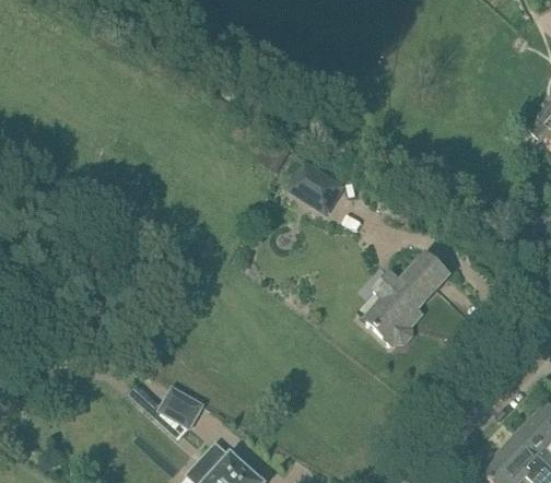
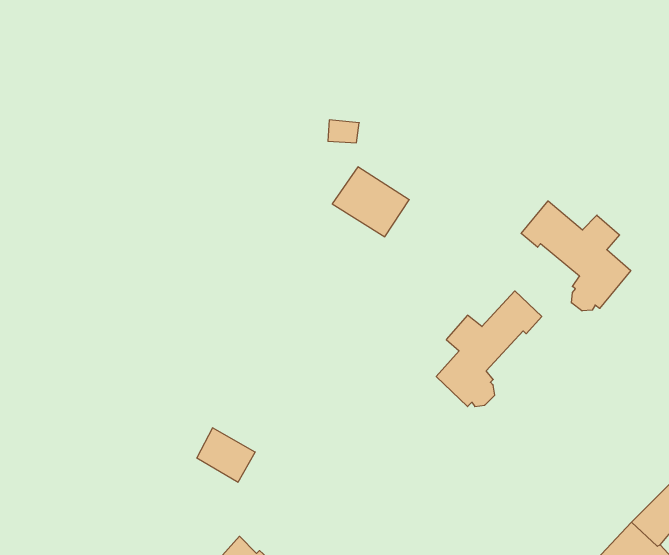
building: none -> [521,201,631,311]
building: [159,385,203,426] -> [197,428,255,482]

